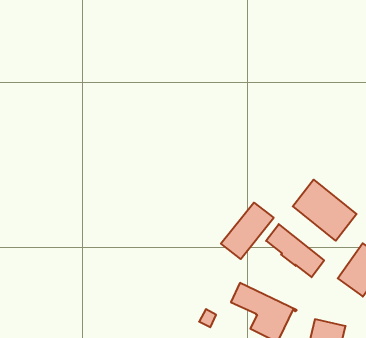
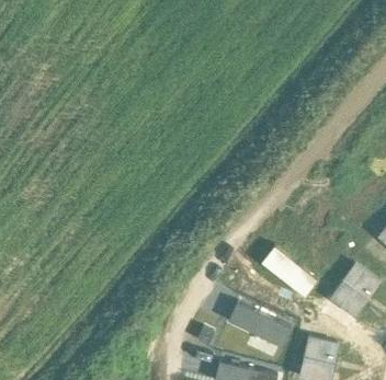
building: [293,180,357,241] -> none
building: [221,203,274,259] -> none

